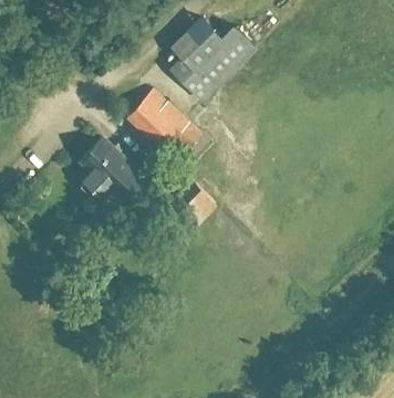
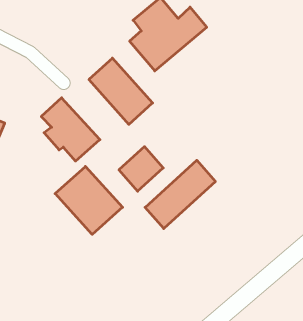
building: none -> [145,160,215,229]
building: none -> [55,166,123,234]

